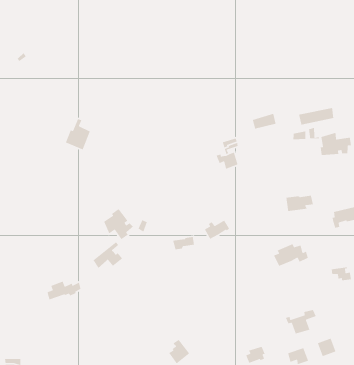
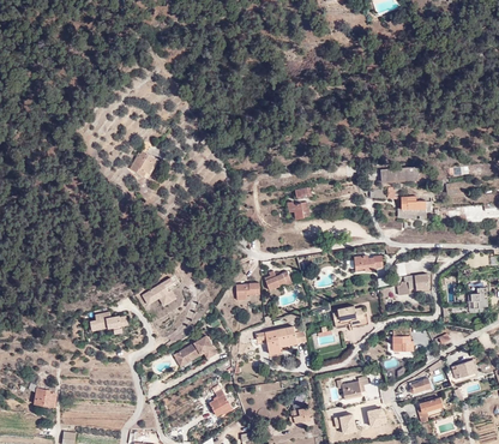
building: [103,208,134,240] -> none
building: none -> [255,325,306,354]
building: none -> [178,336,220,367]

